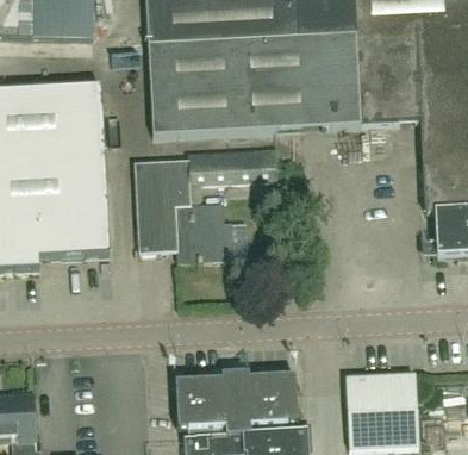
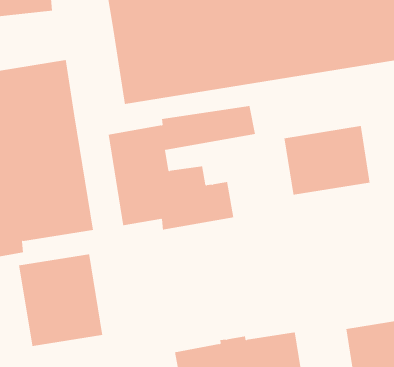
building: none -> [284,125,370,196]
building: none -> [19,254,103,347]

